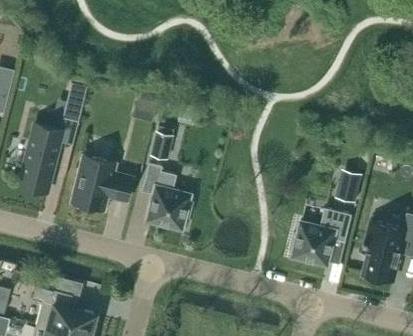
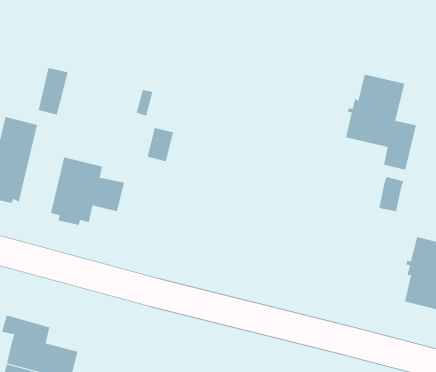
building: none -> [346,74,416,171]
building: [142,163,192,230] -> none
building: [289,208,351,265] -> none

